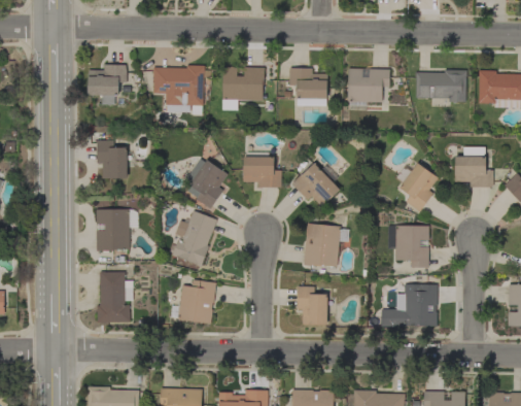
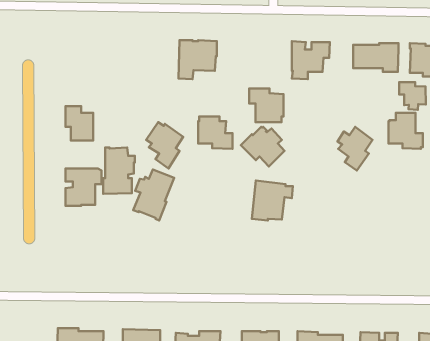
building: [88,65,126,104] -> none
building: [152,65,210,114] -> none
building: [288,68,326,105] -> [249,89,283,122]
building: none -> [399,82,426,110]
building: [385,226,428,267] -> none
building: [97,271,132,323] -> [103,148,135,194]
building: [169,279,215,324] -> none
building: [380,283,437,327] -> none
building: [297,286,326,325] -> none

